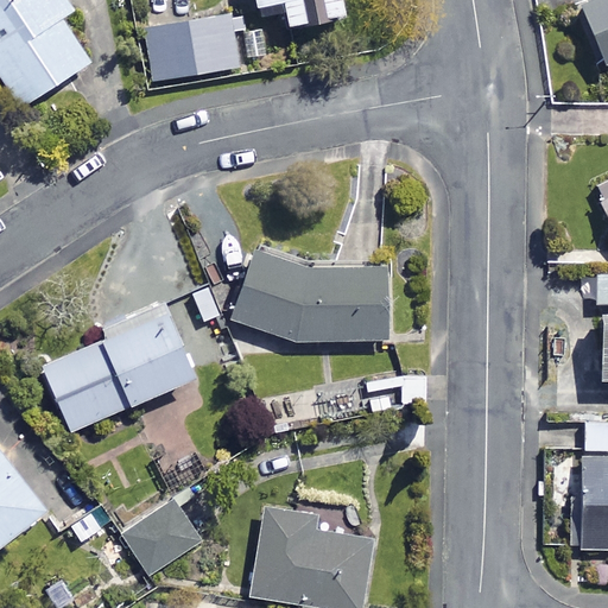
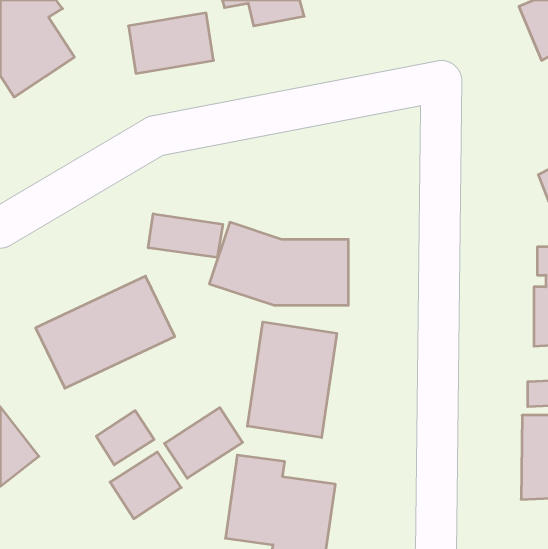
building: none -> [148,214,223,258]
building: none -> [247,322,337,438]
building: none -> [164,408,243,478]
building: none -> [96,411,154,465]

